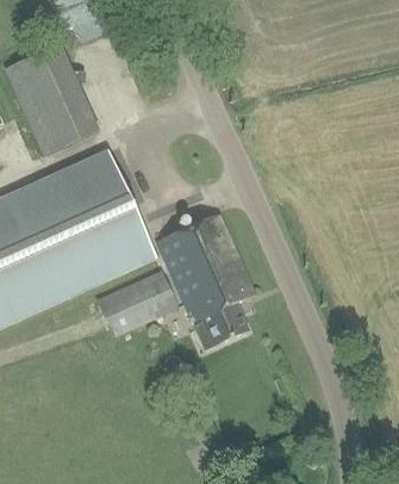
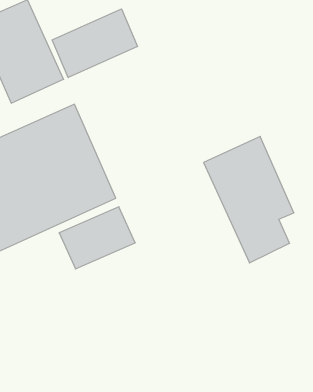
building: none -> [52,9,137,78]
building: [156,211,255,349] -> [204,136,294,263]

